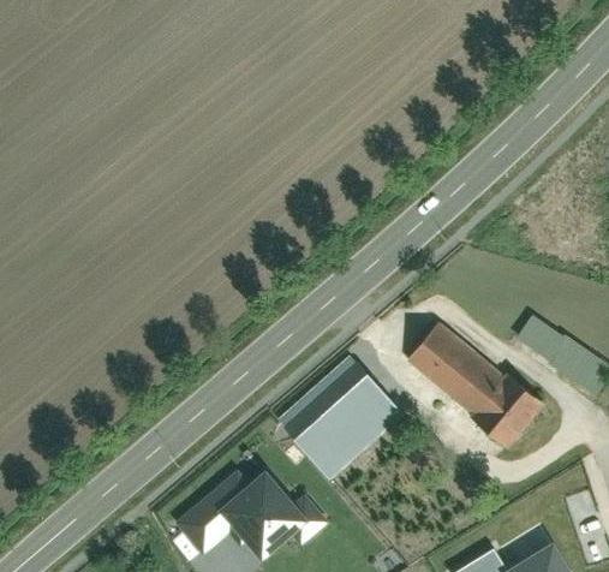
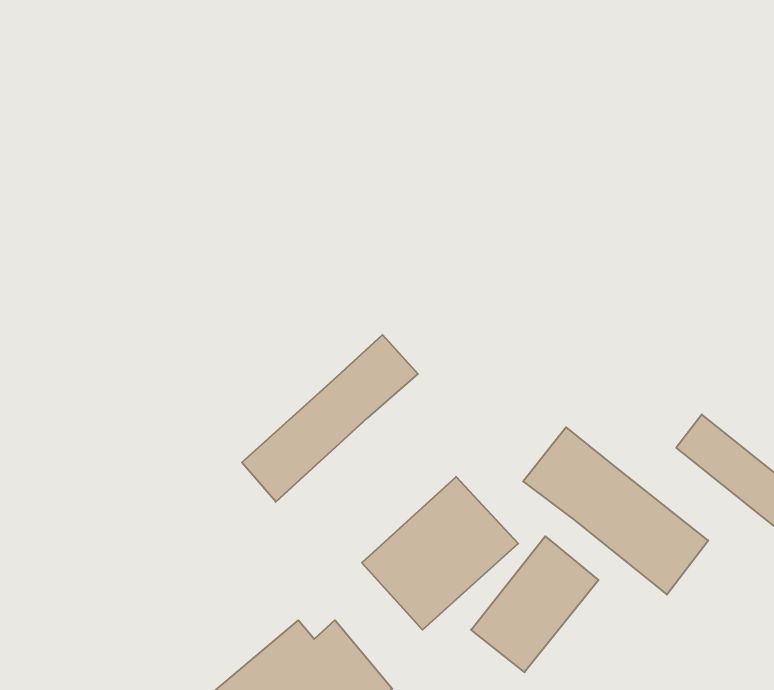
building: none -> [242,335,418,502]
building: none -> [471,536,598,672]

